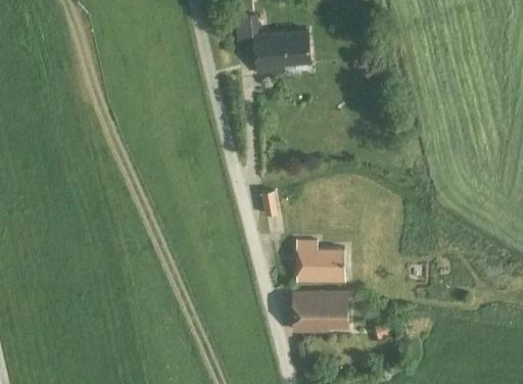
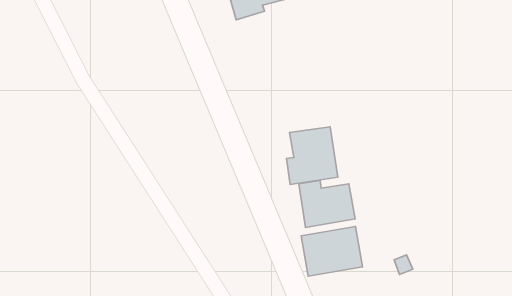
building: none -> [287,127,338,185]

